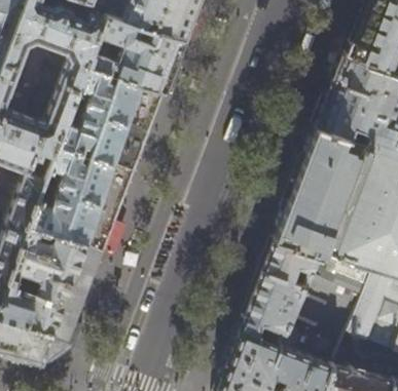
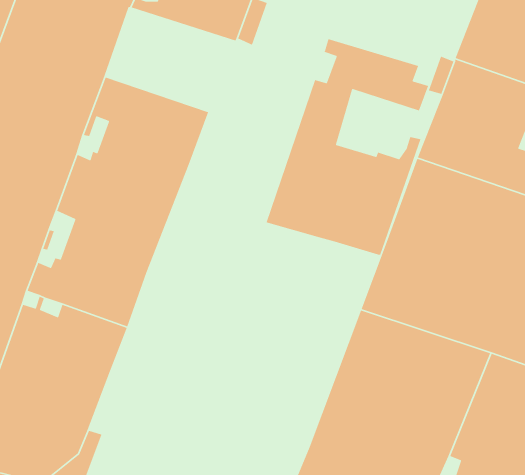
building: [88,17,184,93] -> none
building: none -> [266,38,429,256]

